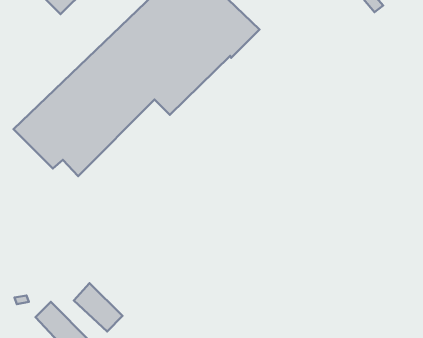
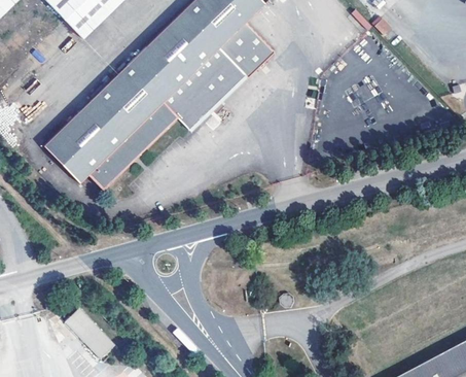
building: [74,283,123,331] -> none

